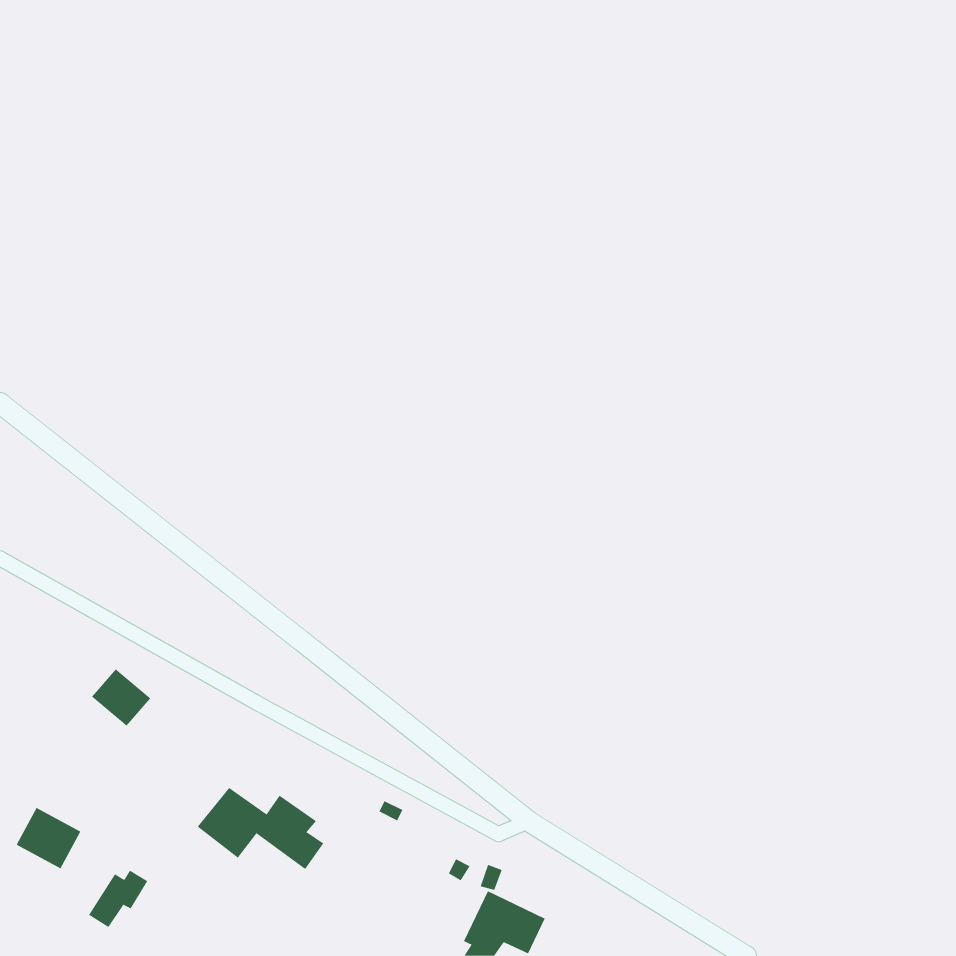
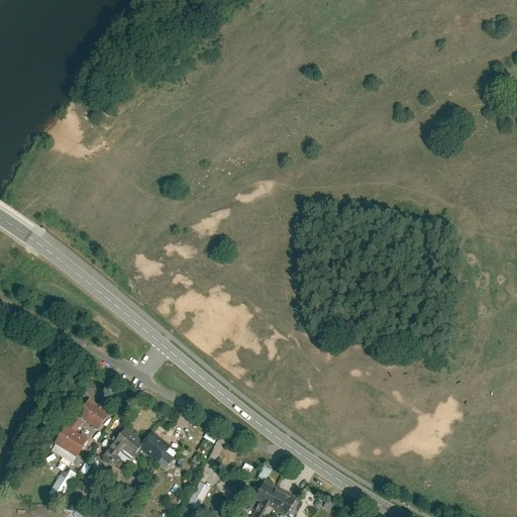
building: [91,668,151,727] -> [77,397,109,428]
building: [16,807,81,869] -> [54,422,89,455]

